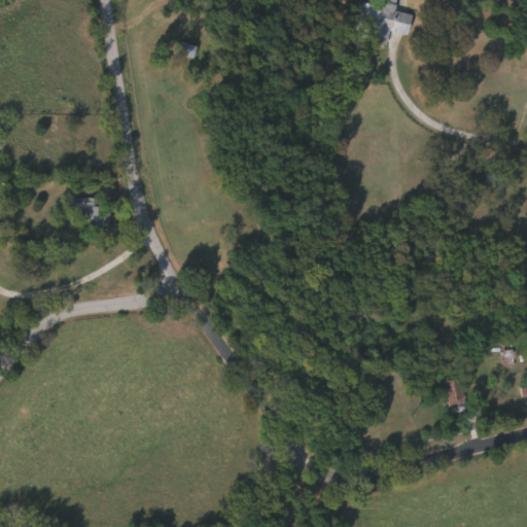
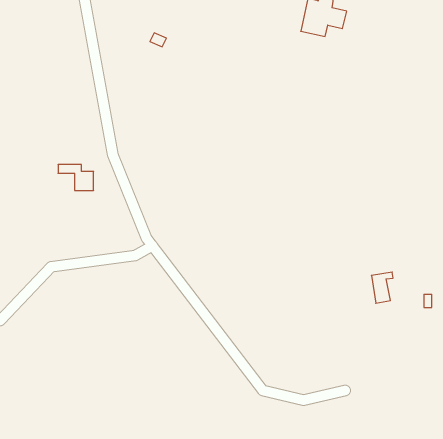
building: [444,376,469,413] -> [371,272,393,303]

